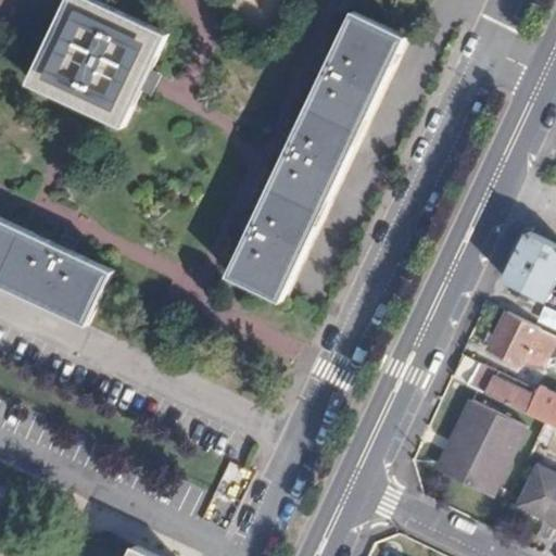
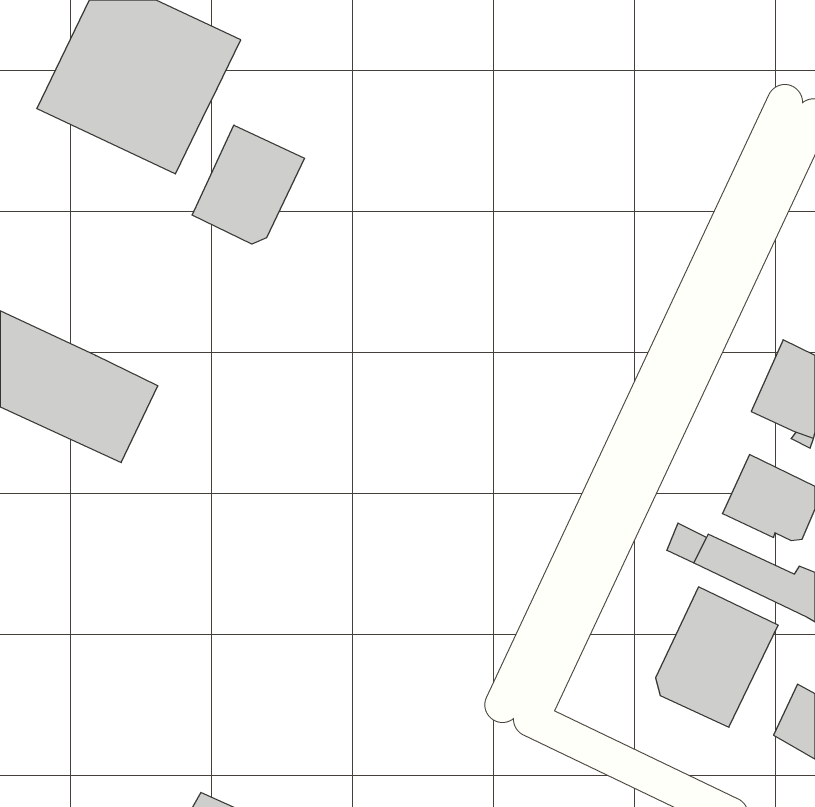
building: [223,11,400,299] -> none
building: none -> [192,125,304,244]

